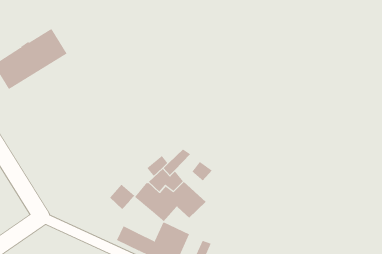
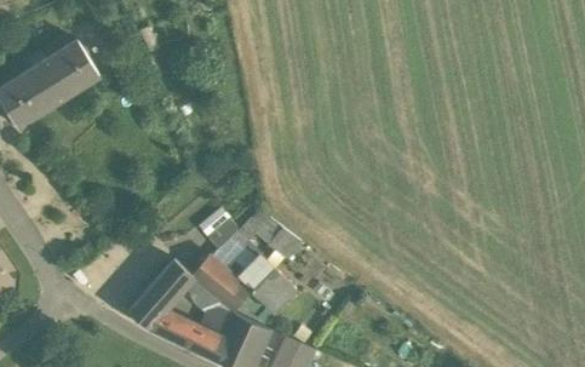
building: none -> [187,277,234,339]
building: none -> [128,279,177,338]

